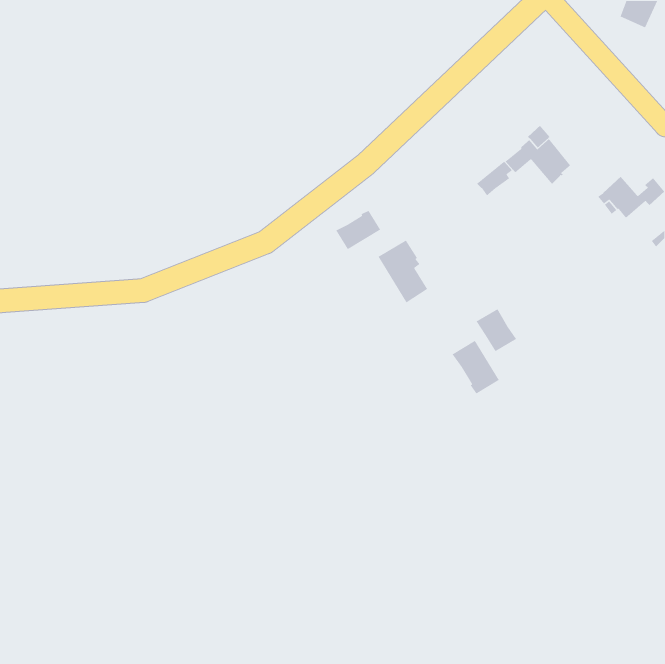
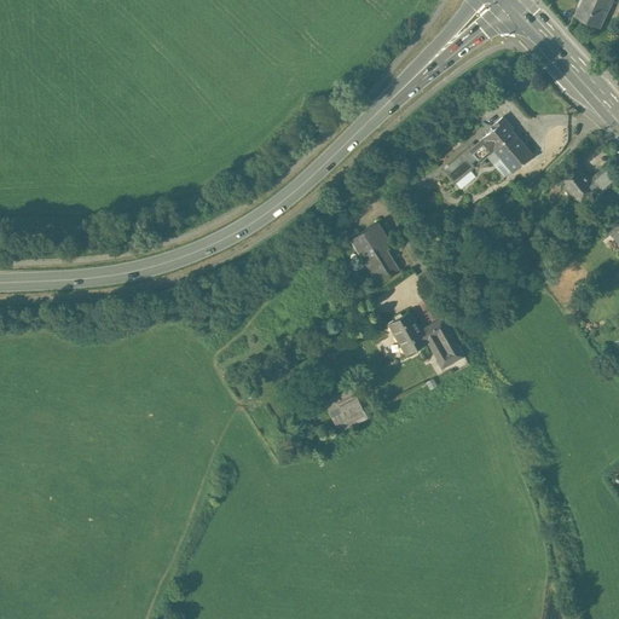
building: [335,210,381,250] -> none
building: [476,308,517,352] -> [389,313,428,354]
building: none -> [324,389,365,433]

